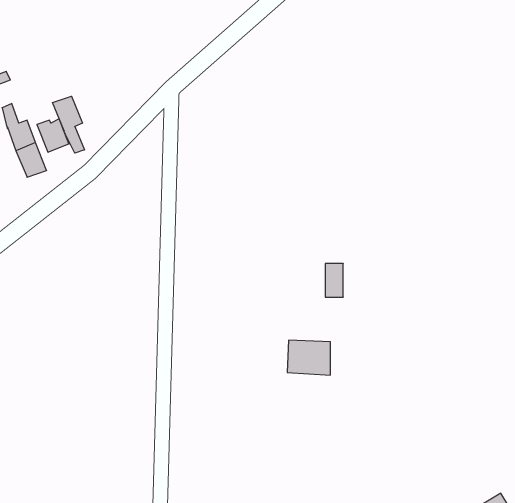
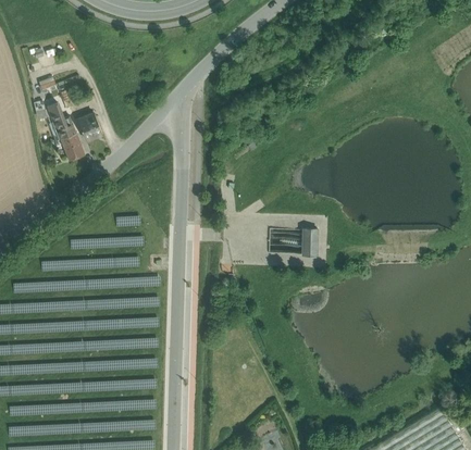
building: [53,96,84,153] -> none
building: [287,340,330,375] -> [269,227,302,254]

